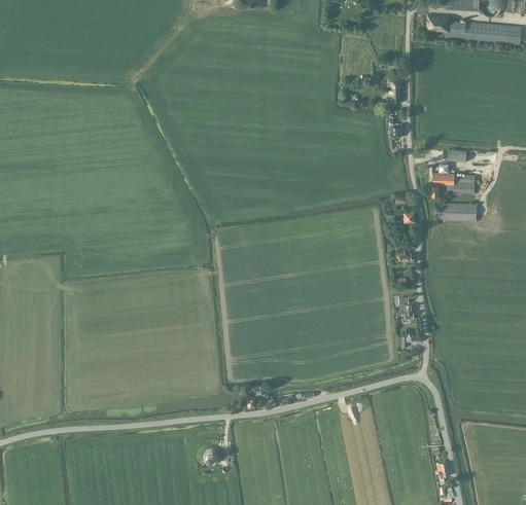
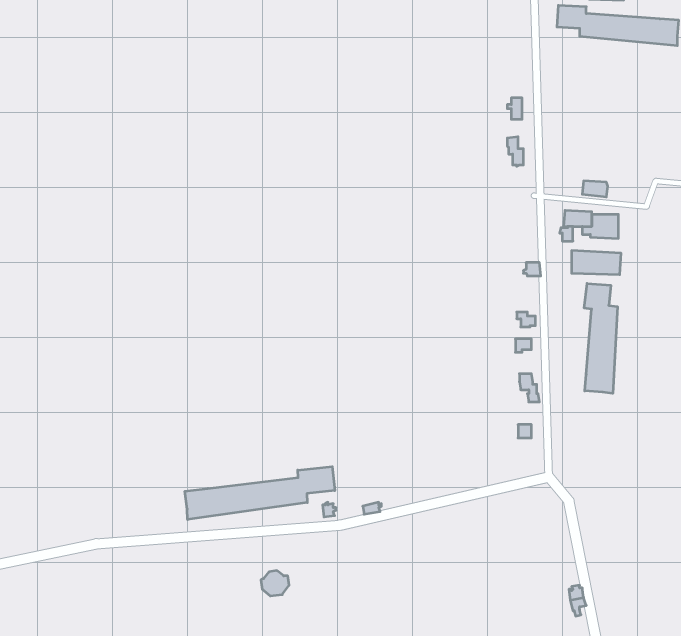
building: none -> [584,283,617,393]
building: none -> [185,467,335,520]

